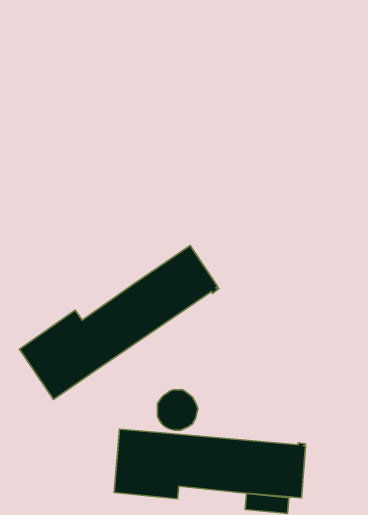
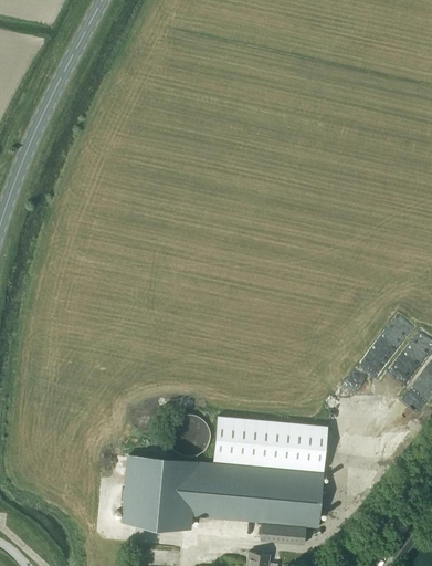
building: [19,246,219,399] -> none
building: none -> [213,417,327,472]

